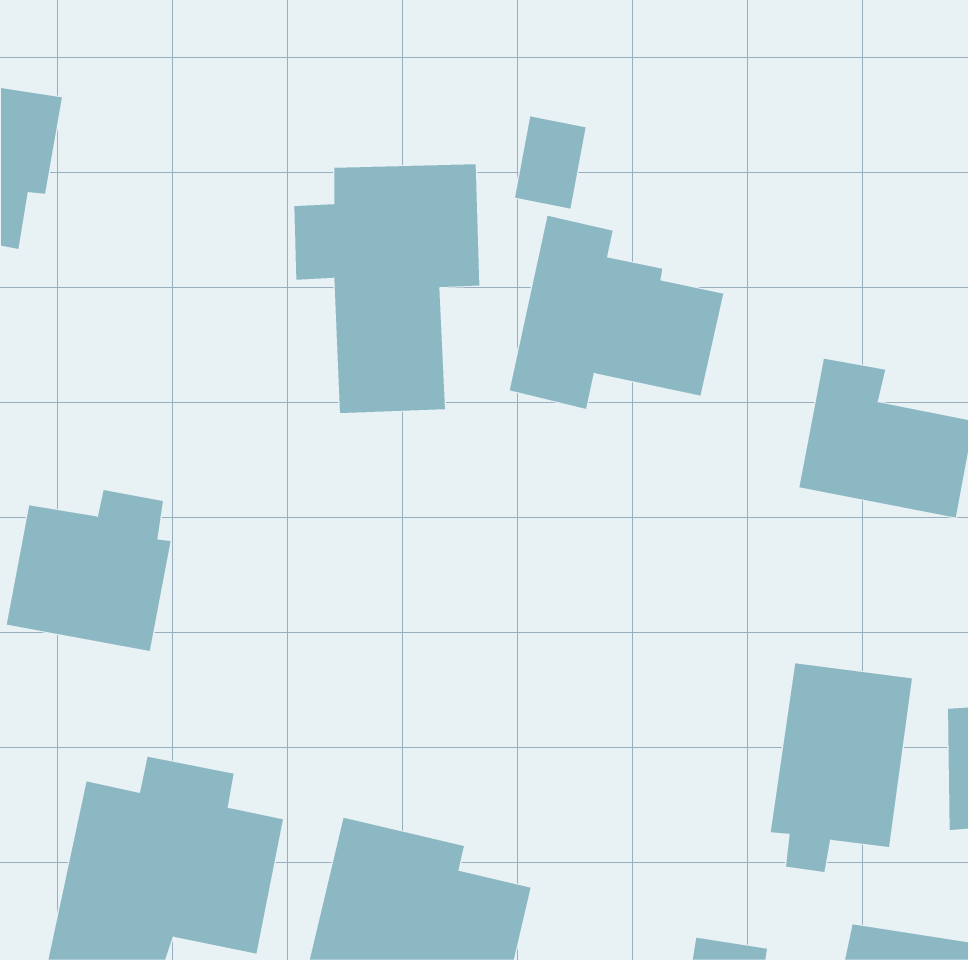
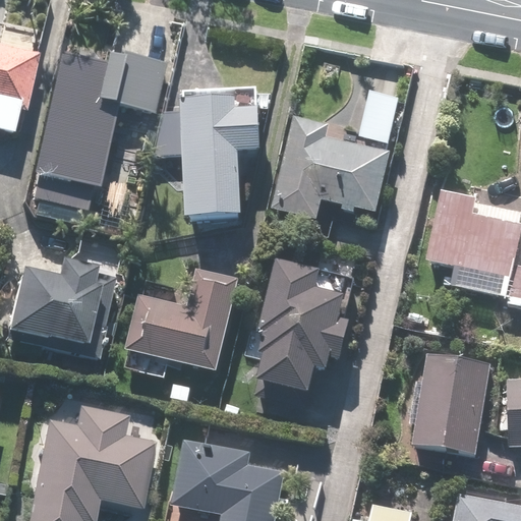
building: none -> [32,49,162,224]
building: [514,116,587,209] -> [362,91,401,140]
building: none -> [259,262,349,390]
building: none -> [126,268,238,369]

